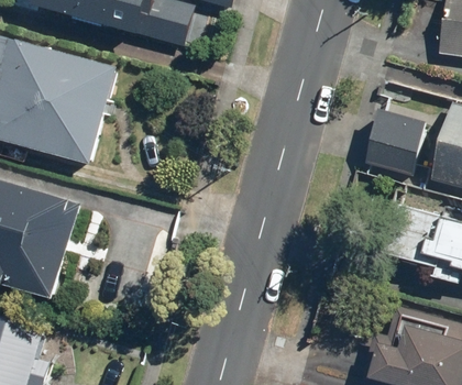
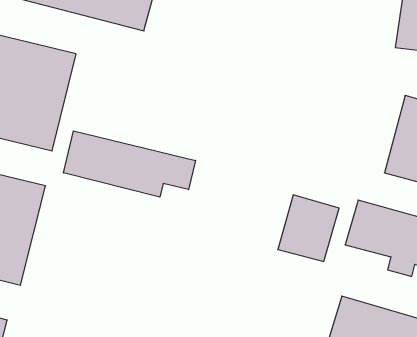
building: [362,111,424,178] -> [278,195,339,262]
building: none -> [63,131,196,197]

